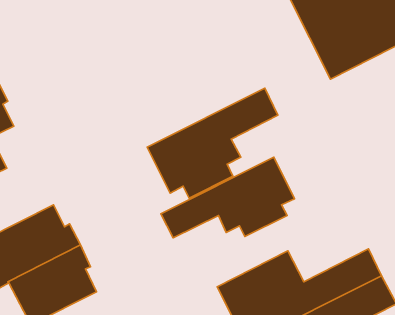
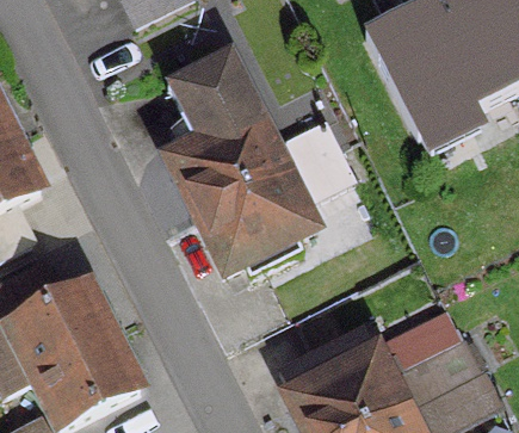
building: none -> [163,45,336,210]
building: [161,157,294,238] -> none

